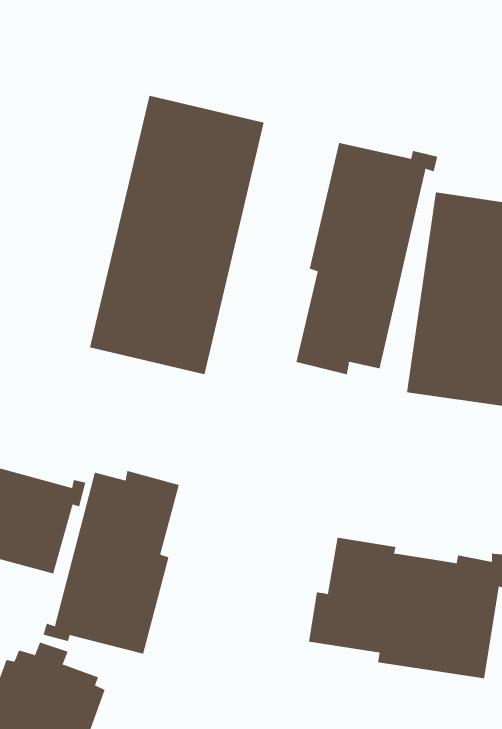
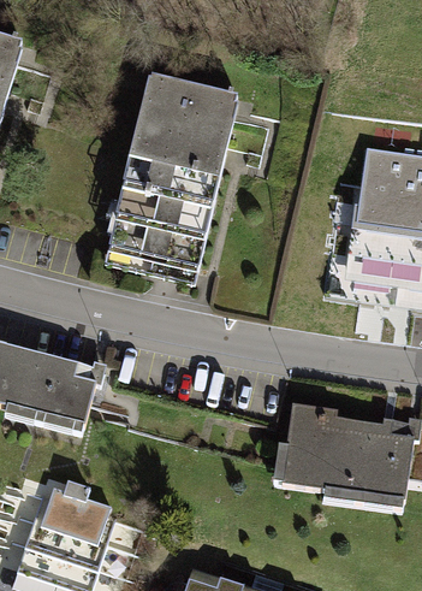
building: [296,142,438,375] -> none
building: [43,470,179,654] -> none

